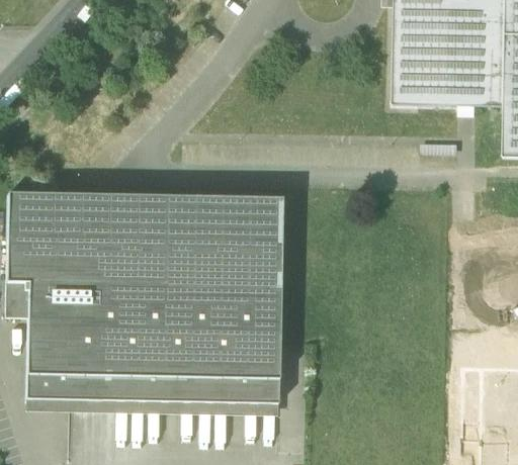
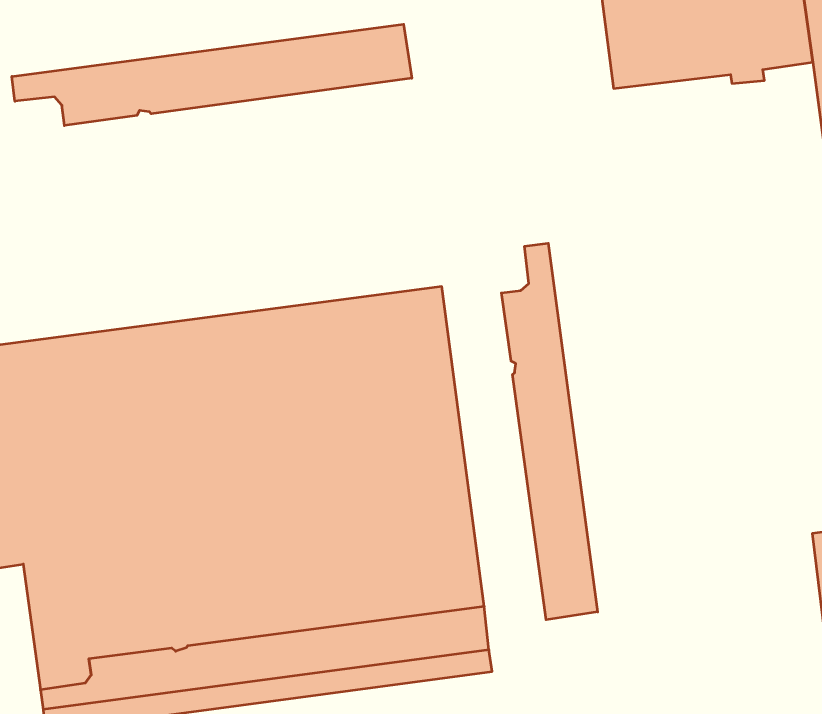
building: none -> [12,24,412,126]
building: none -> [501,243,598,620]

